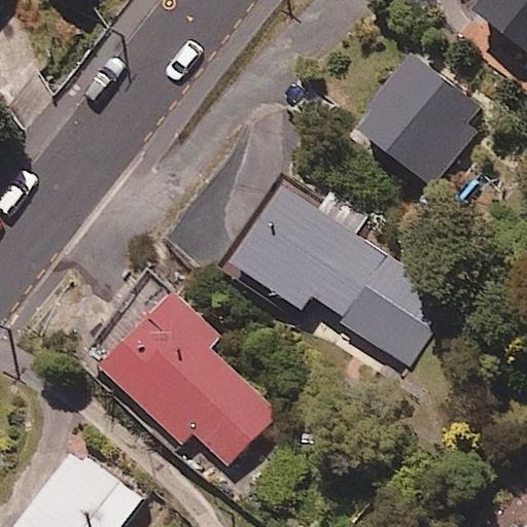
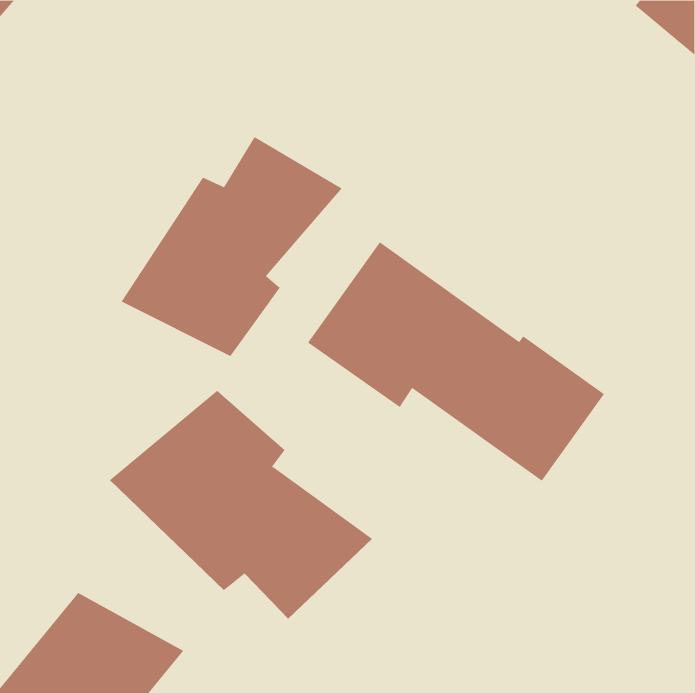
building: [358,51,493,187] -> none
building: none -> [121,136,342,357]

